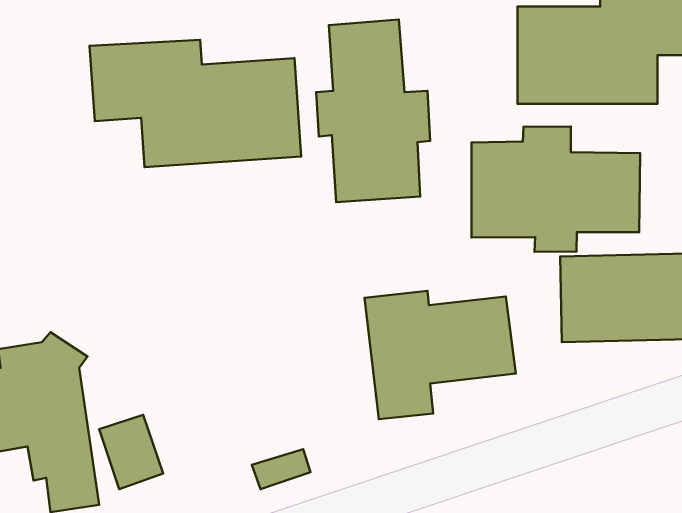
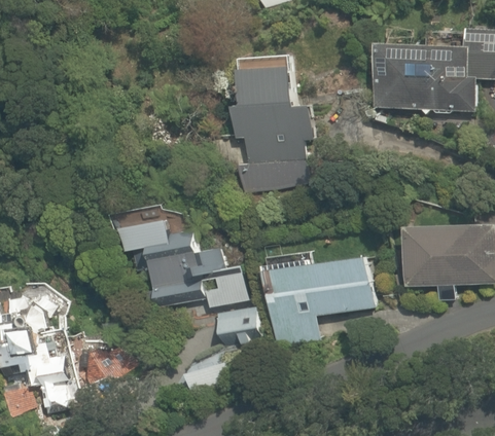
building: [90,40,301,167] -> none
building: [471,126,640,252] -> none
building: none -> [113,196,258,338]

